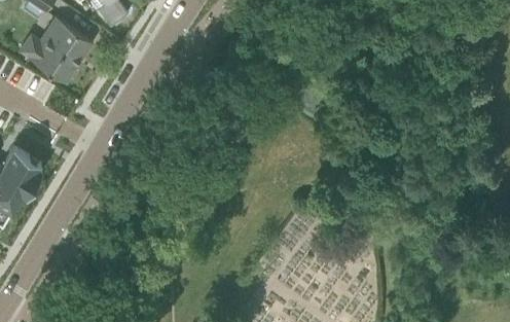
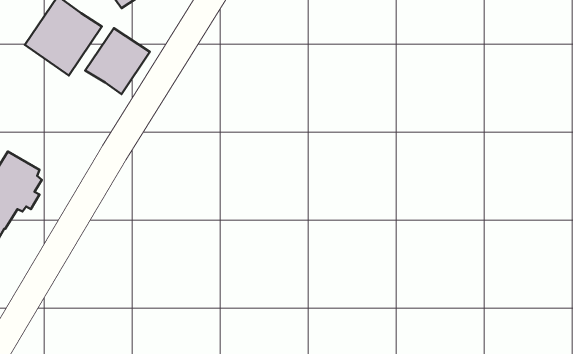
building: none -> [85,28,150,94]

